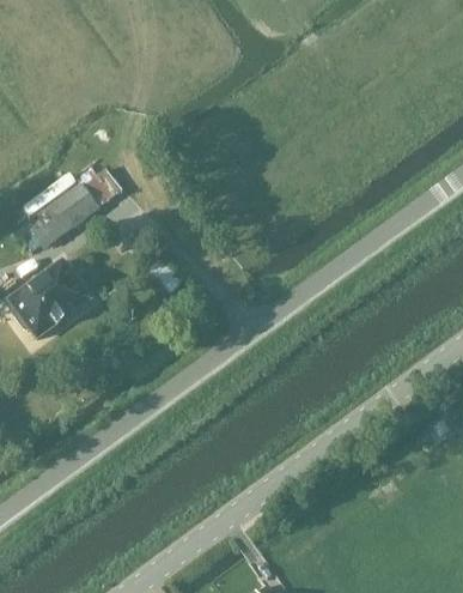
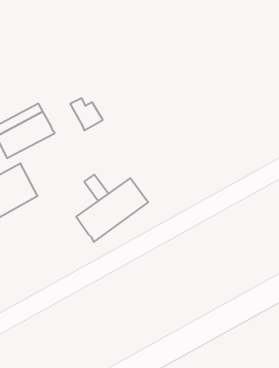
building: [74,168,120,210] -> [70,98,103,130]
building: none -> [76,178,148,242]

